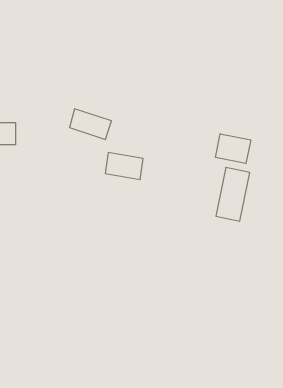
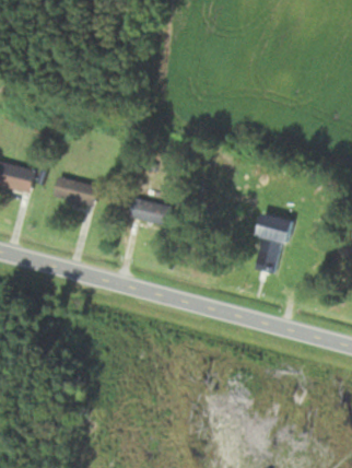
building: [70,109,111,140] -> [52,175,98,209]
building: [215,134,251,164] -> none

